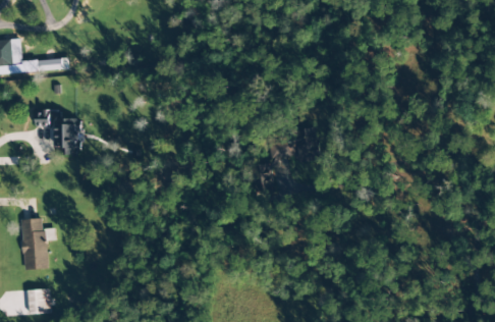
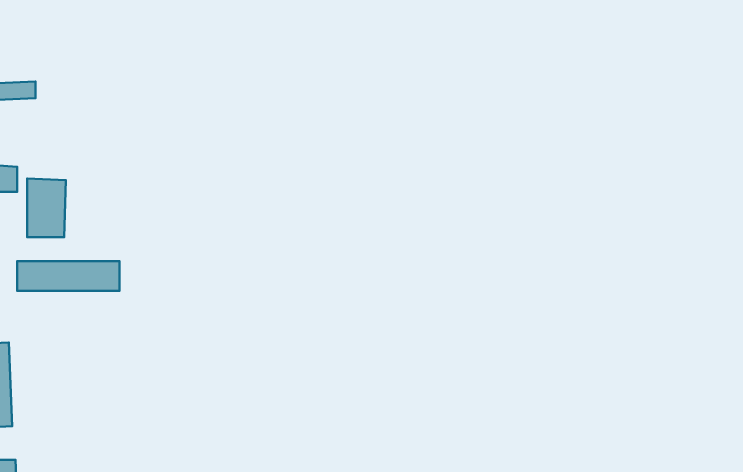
building: none -> [17,261,120,291]

